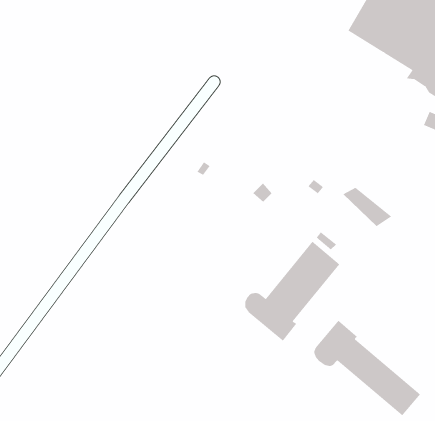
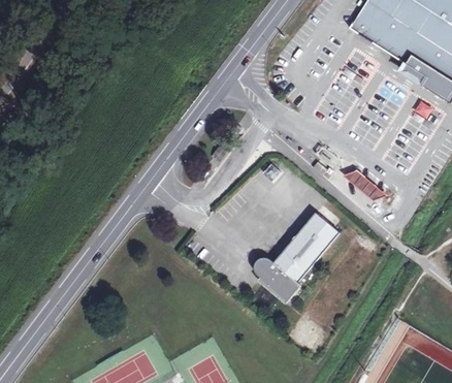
building: [314,320,421,416] -> none

